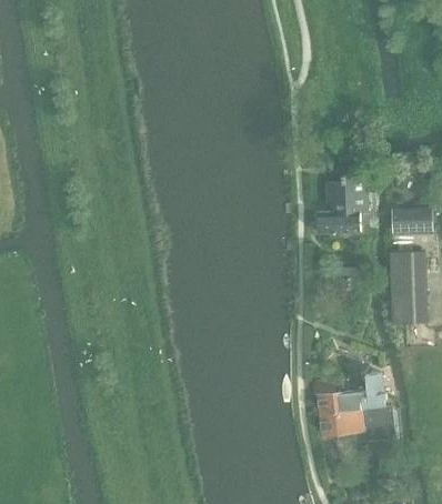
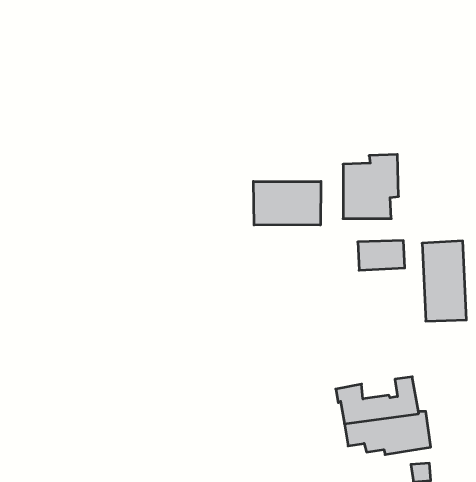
building: none -> [253,181,321,225]
building: [391,206,433,233] -> [358,241,405,270]

